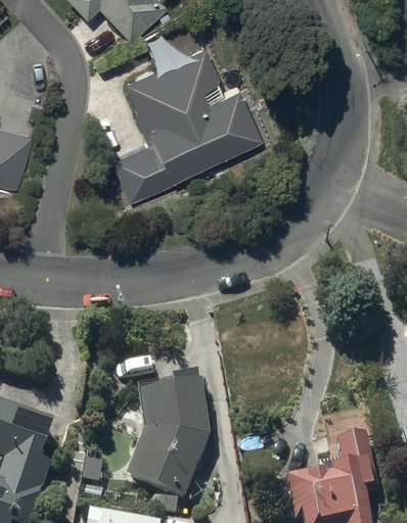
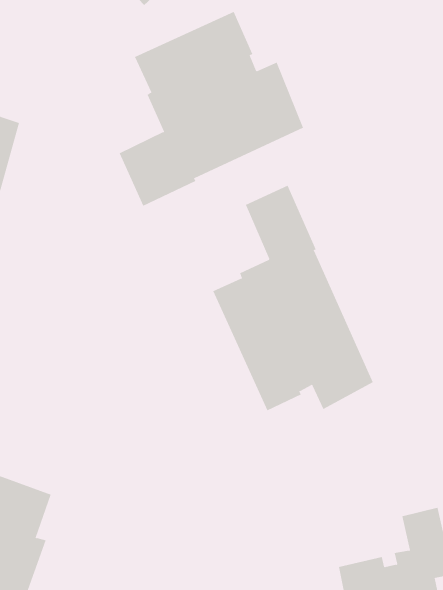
building: none -> [212,185,374,411]
building: [126,388,210,497] -> none

